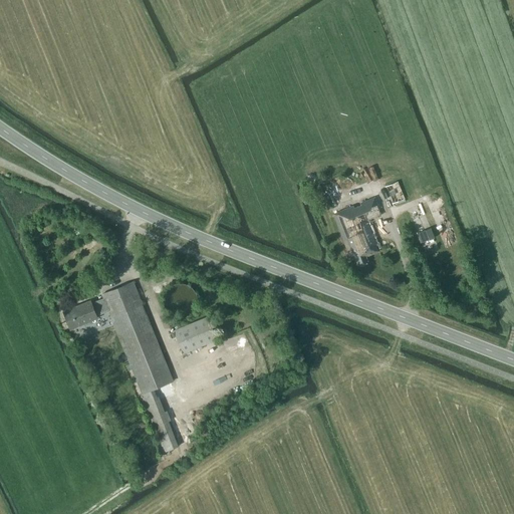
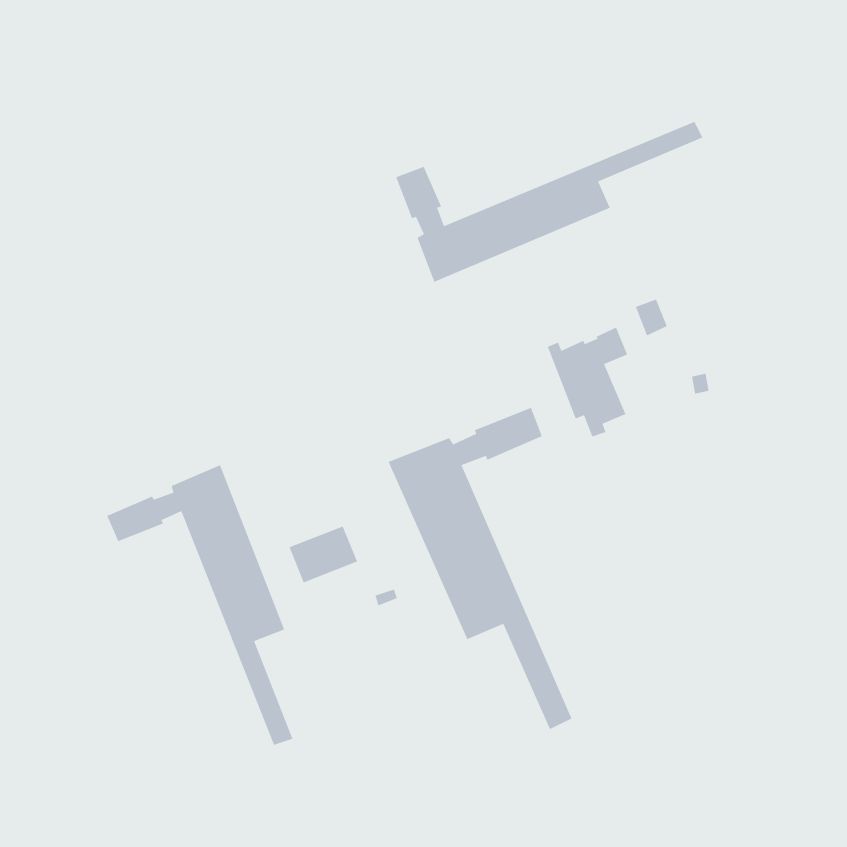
building: none -> [395,121,703,283]
building: none -> [388,407,573,730]

